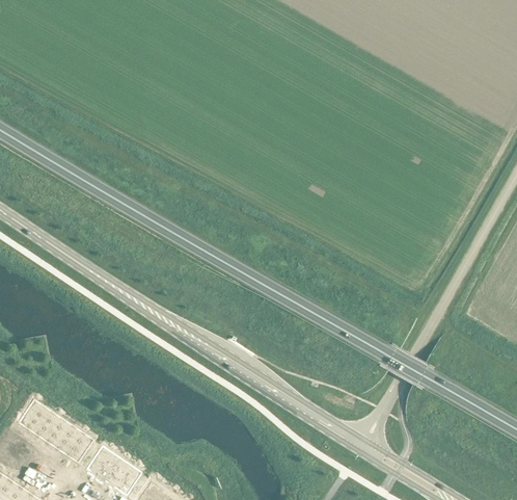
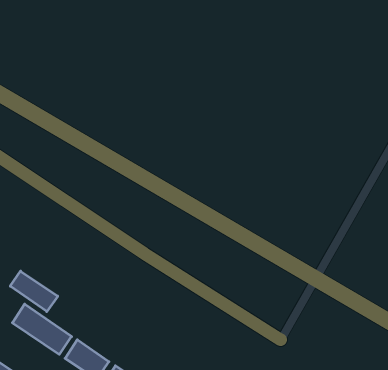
building: none -> [10,271,58,312]

